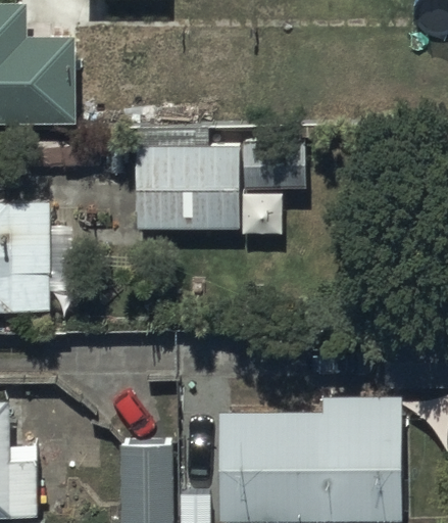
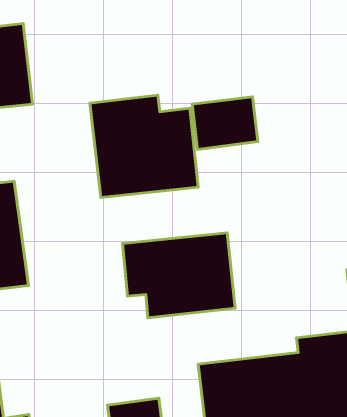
building: none -> [123,233,235,318]

